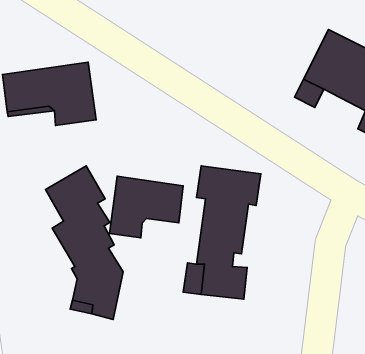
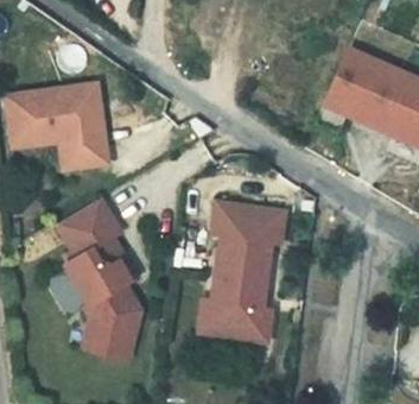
building: [109,176,183,238] -> none

